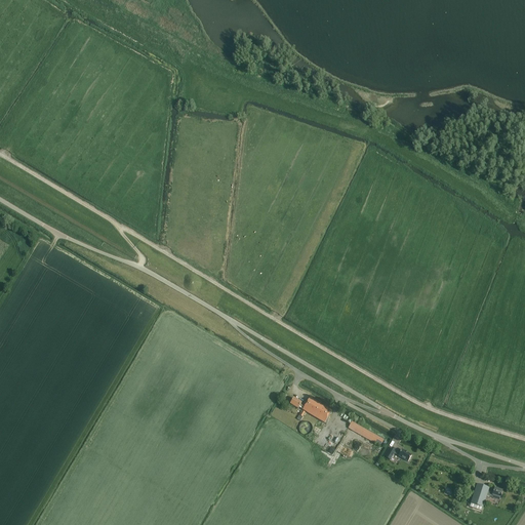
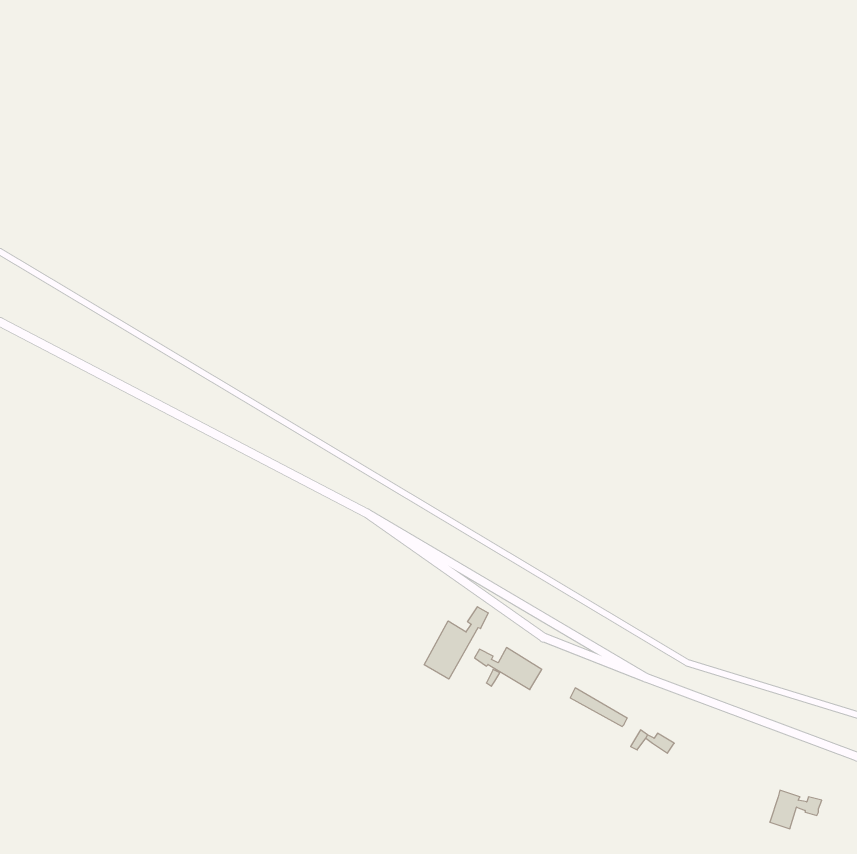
building: none -> [424,607,488,679]

